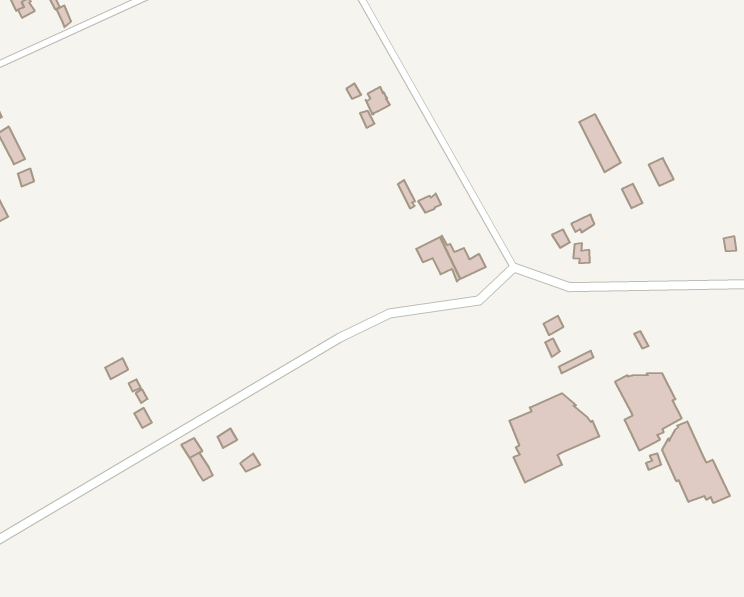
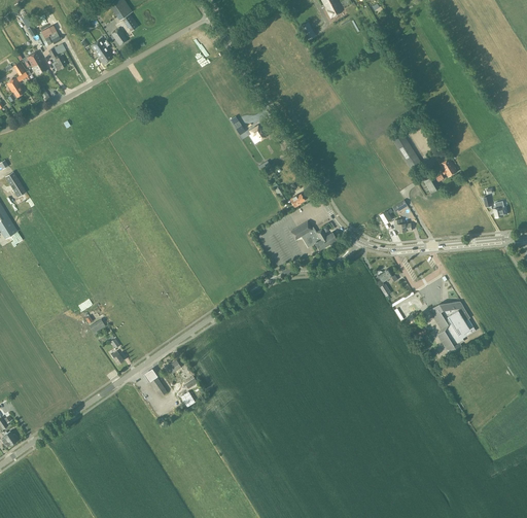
building: [509,393,599,483] -> none
building: [662,421,730,503] -> none

